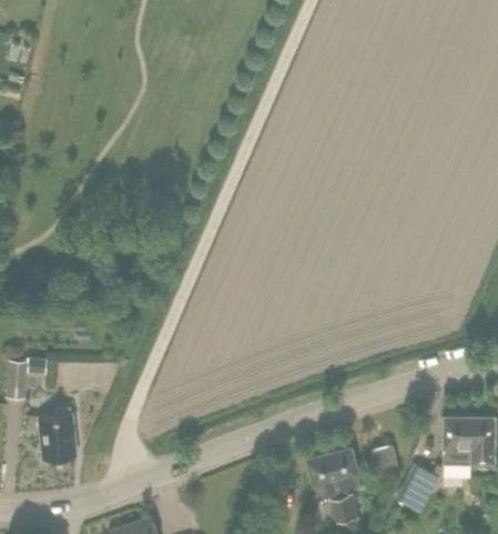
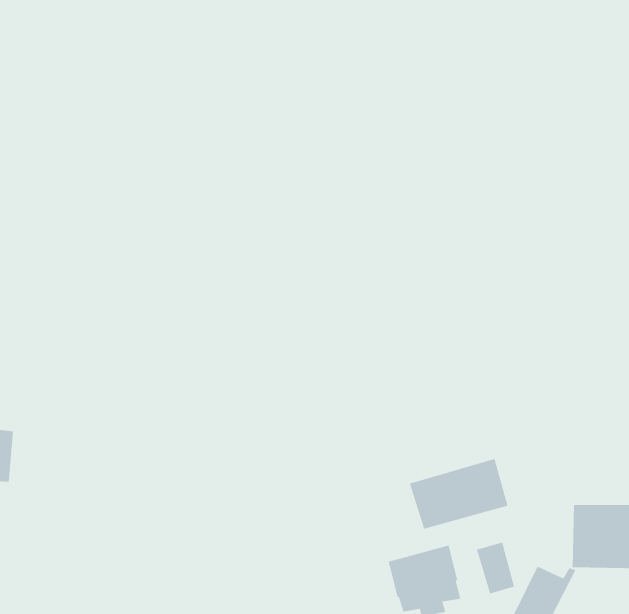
building: none -> [409,458,508,529]
building: [38,407,77,461] -> none

